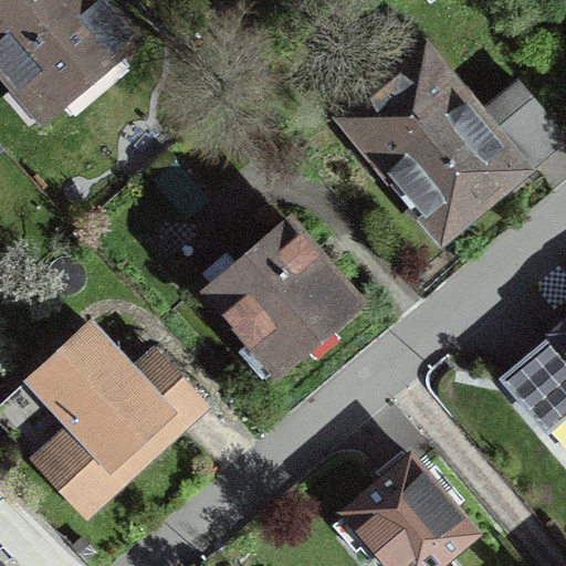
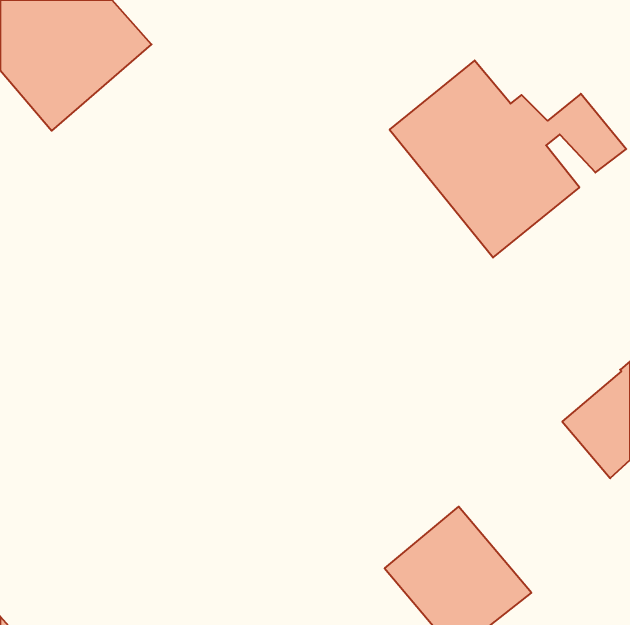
building: [210,227,358,373] -> none
building: [30,328,170,491] -> none

